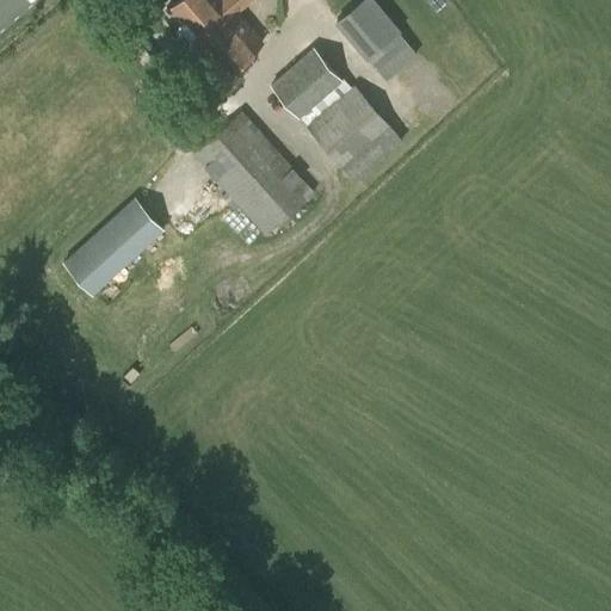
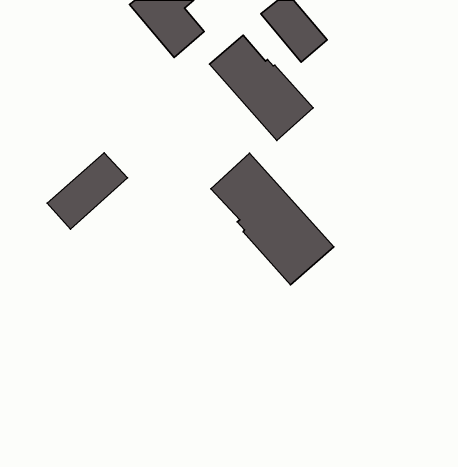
building: [193,111,314,235] -> none
building: none -> [211,153,334,285]

